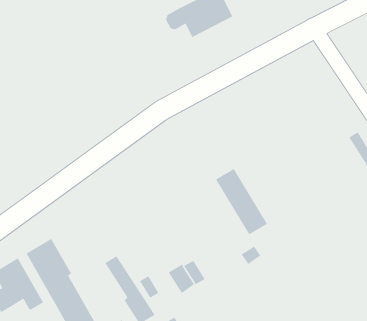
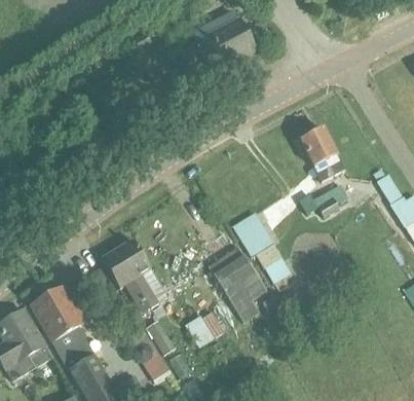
building: none -> [298,127,342,181]
building: none -> [298,185,346,218]
building: none -> [100,238,159,311]
building: none -> [212,247,265,325]

